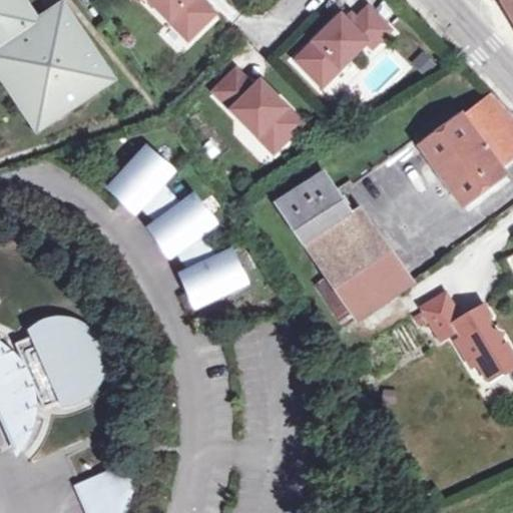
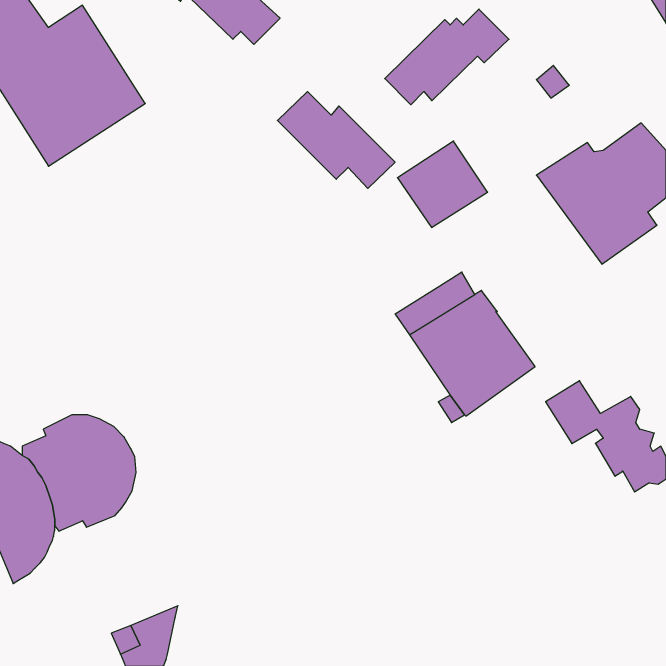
building: [114,150,244,302] -> none
building: [277,174,346,240] -> [397,141,488,227]

